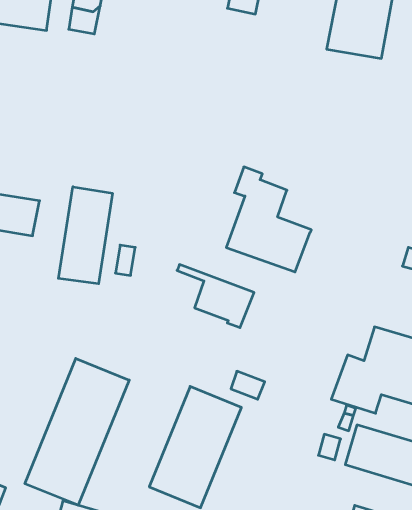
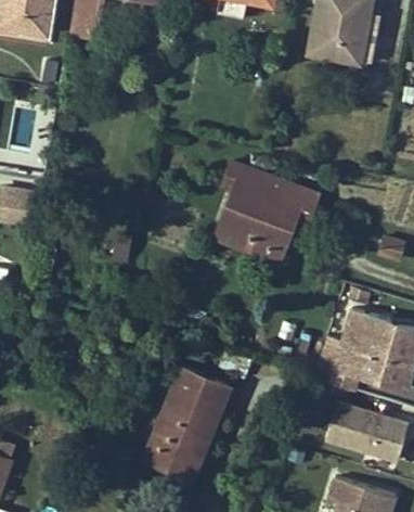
building: [58,187,112,284] -> none
building: [177,265,254,328] -> [247,168,319,227]
building: [25,358,129,505] -> none

